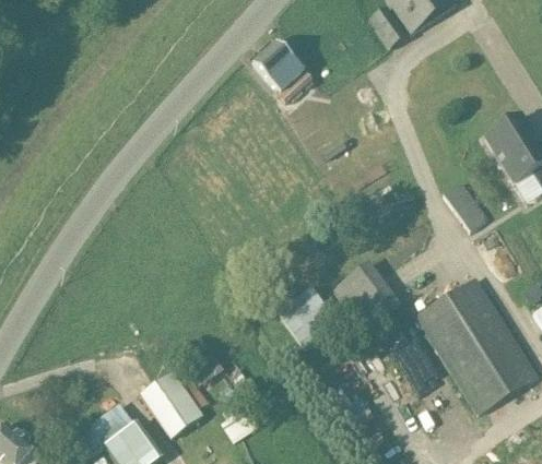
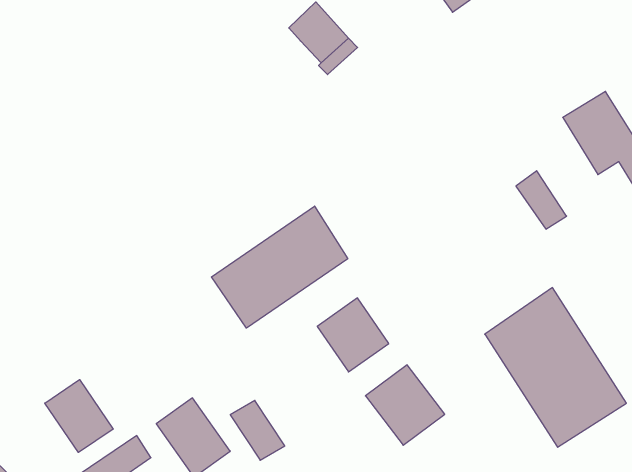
building: none -> [211,206,348,328]
building: [333,261,400,329] -> [365,365,445,445]
building: none -> [45,380,113,452]

